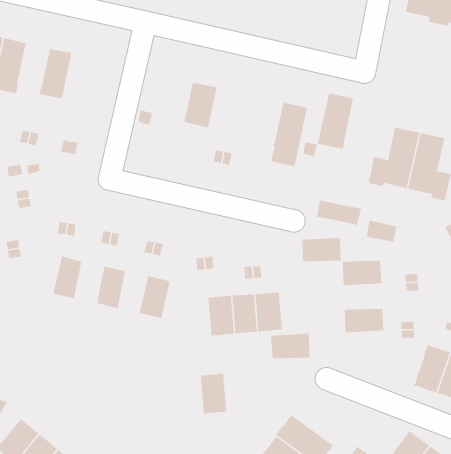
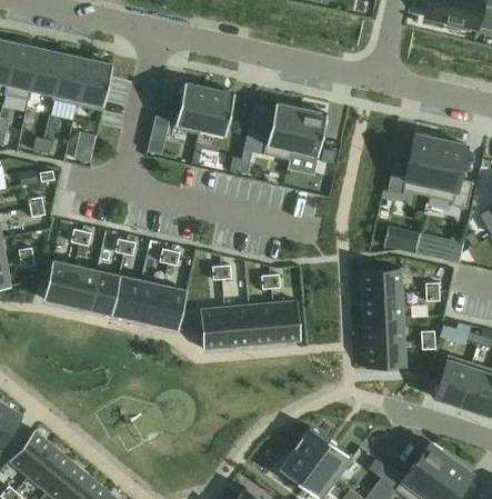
building: none -> [31,48,63,94]
building: none -> [77,58,112,111]
building: none -> [173,81,209,134]
building: [317,92,354,150] -> [263,101,301,160]
building: [316,200,362,226] -> [415,236,462,262]
building: [301,237,342,262] -> [362,293,403,319]
building: none -> [43,260,76,303]
building: none -> [89,270,119,313]
building: none -> [133,280,163,323]
building: [270,333,310,359] -> [364,341,405,368]
building: [200,373,227,414] -> [200,307,228,349]

